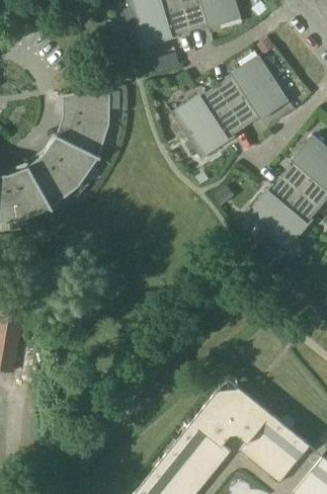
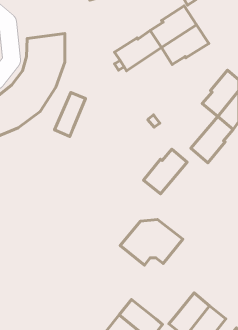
building: [186,106,243,158] -> none
building: none -> [55,93,86,136]
building: [245,176,300,232] -> [143,149,187,194]
building: [192,388,270,444] -> [120,220,183,265]

